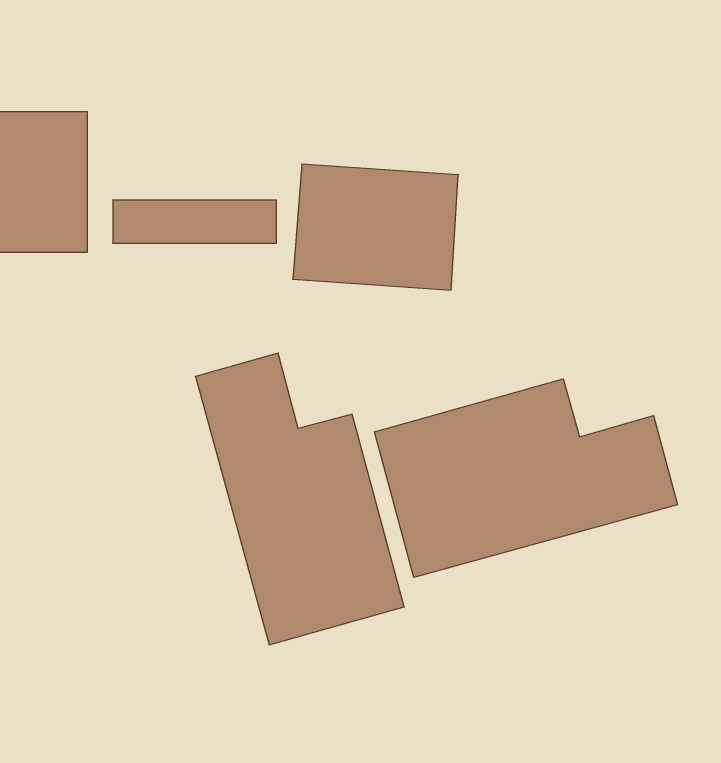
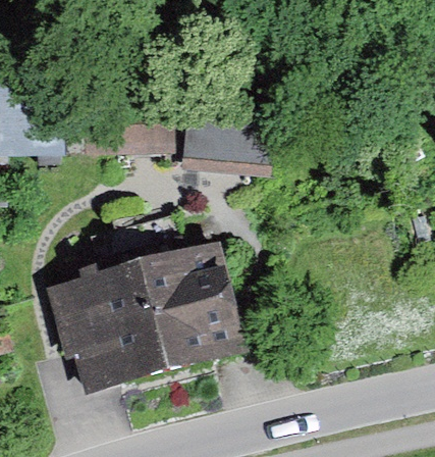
building: none -> [54,224,171,401]
building: [374,379,677,577] -> none

